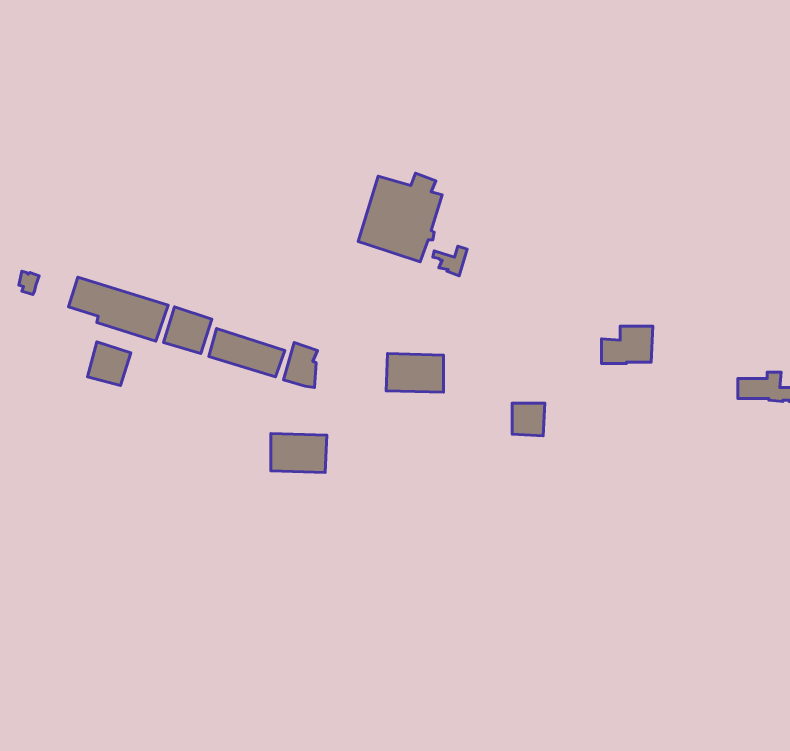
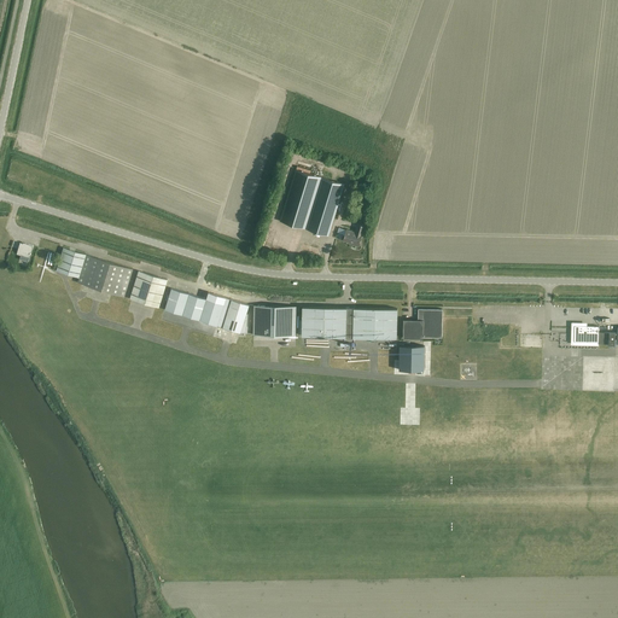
building: [601,326,653,364] -> [402,310,442,339]
building: [87,342,131,385] -> none
building: none -> [351,309,396,339]
building: [271,434,327,472] -> [252,307,296,337]

